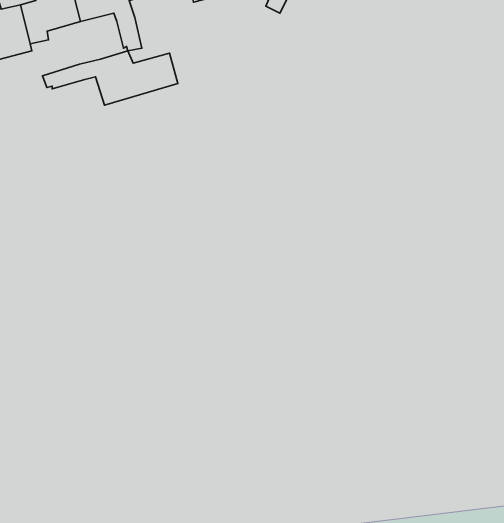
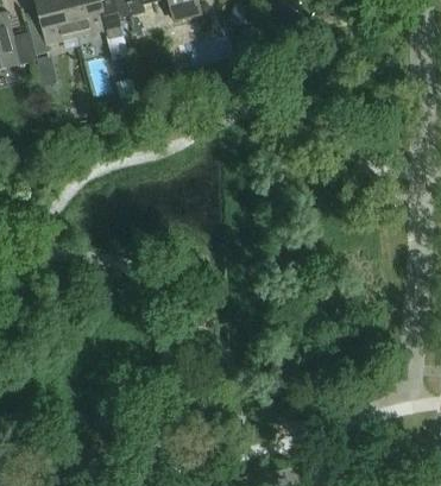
building: [42,51,178,105] -> none

